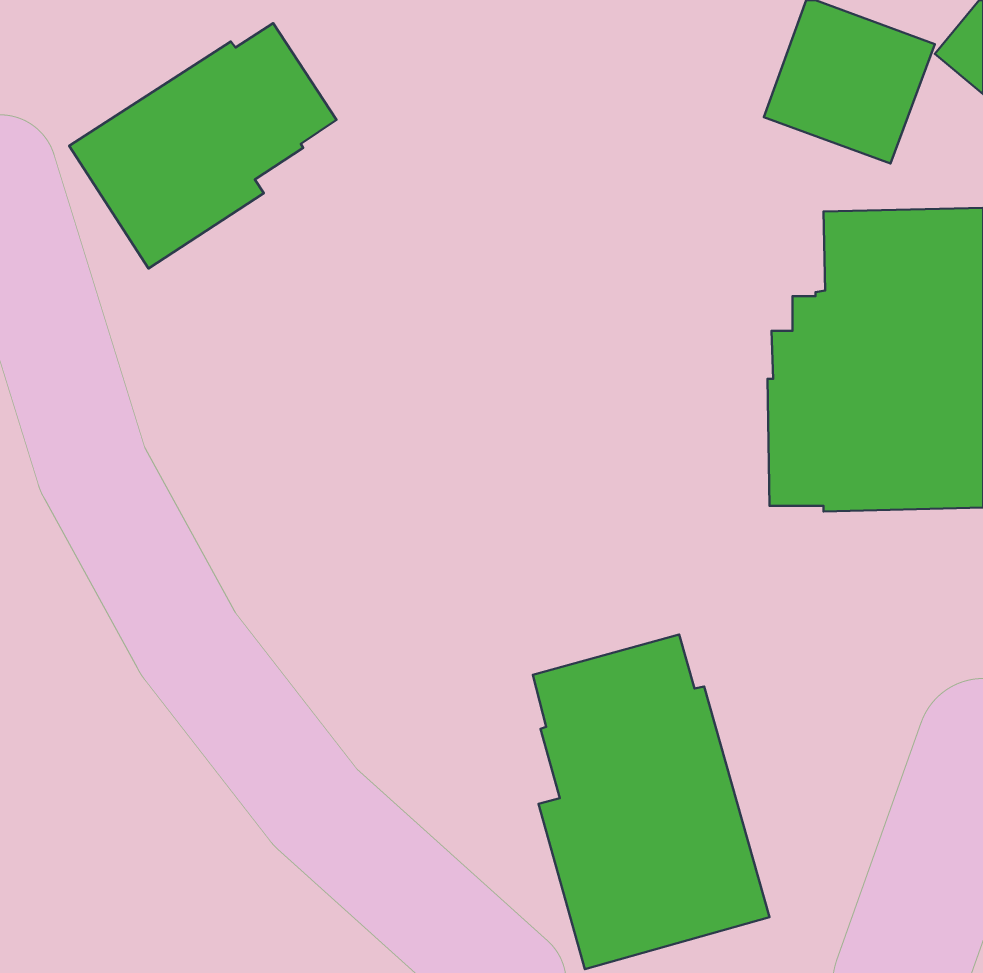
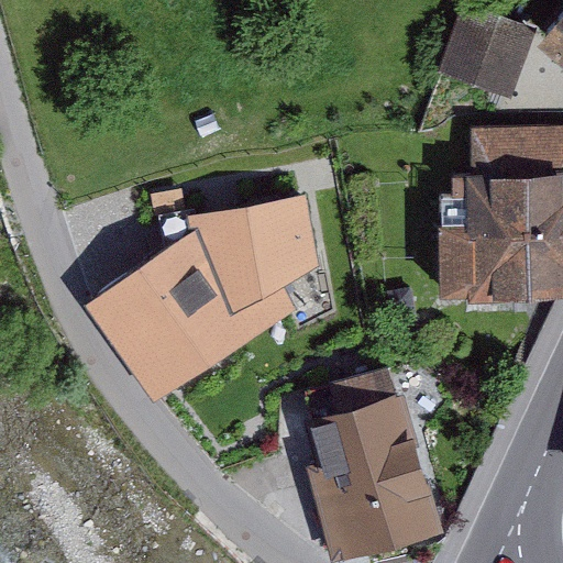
building: [69,23,336,268] -> none
building: none -> [92,203,321,406]

